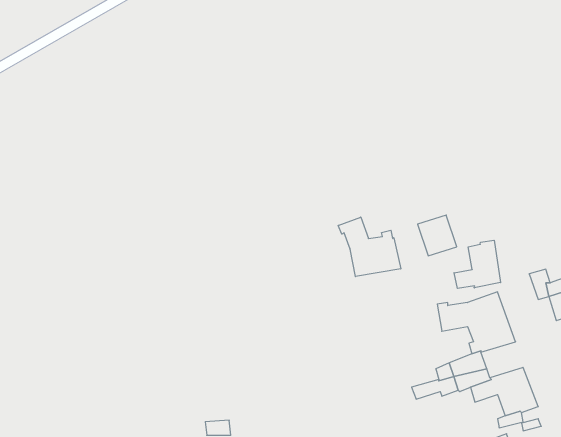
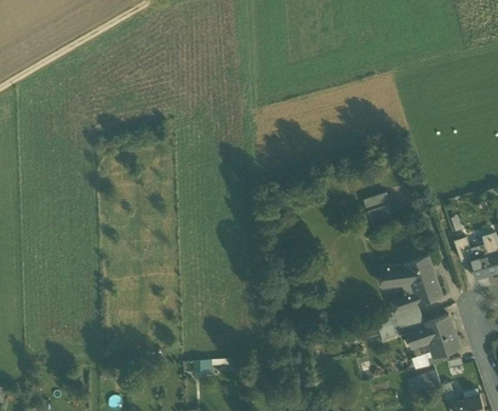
building: [338,217,401,277] -> none
building: [454,240,501,288] -> none

